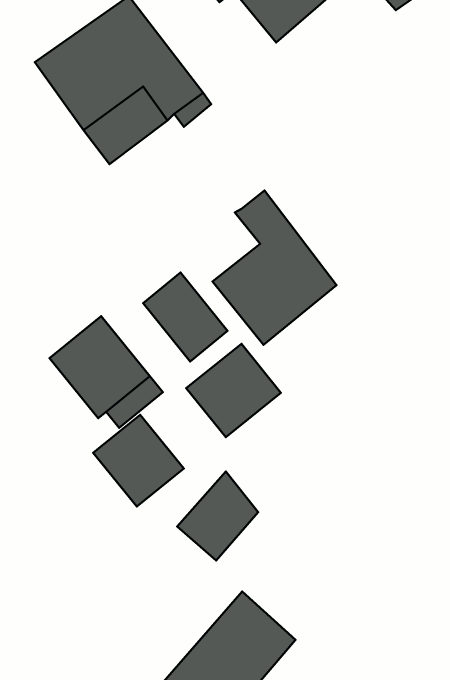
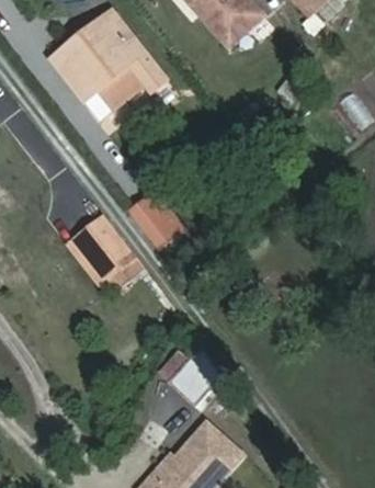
building: [213,191,336,345] -> none
building: [186,344,281,437] -> none
building: [93,415,184,507] -> none

